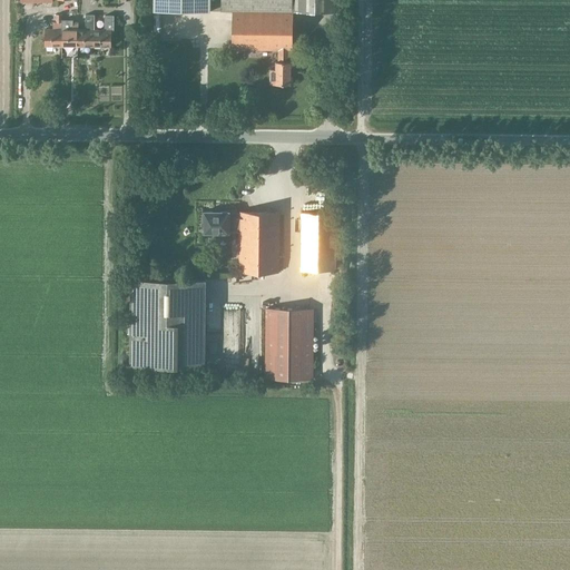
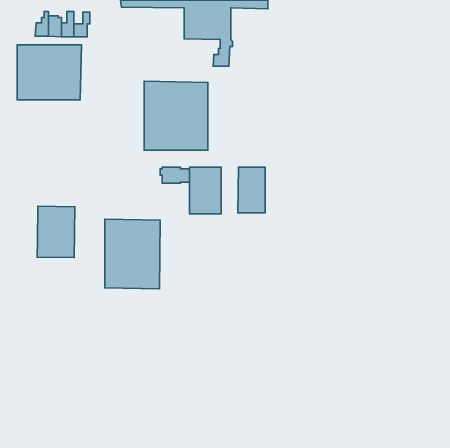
building: none -> [17,45,81,100]
building: none -> [144,81,208,150]
building: none -> [37,206,75,258]
building: [265,311,314,380] -> none

